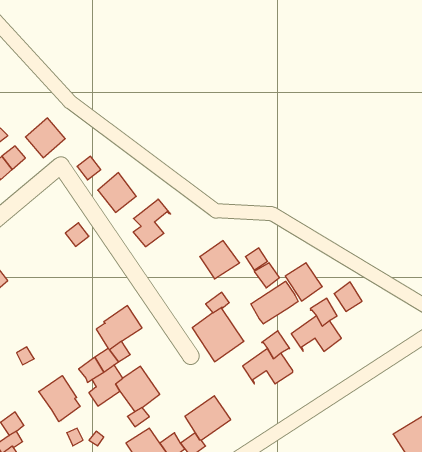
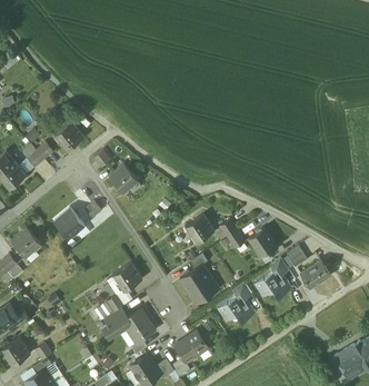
building: [133,199,171,247] -> none
building: none -> [53,208,83,238]
building: [251,281,298,324] -> none
building: none -> [300,260,330,288]
building: [39,376,80,422] -> none

